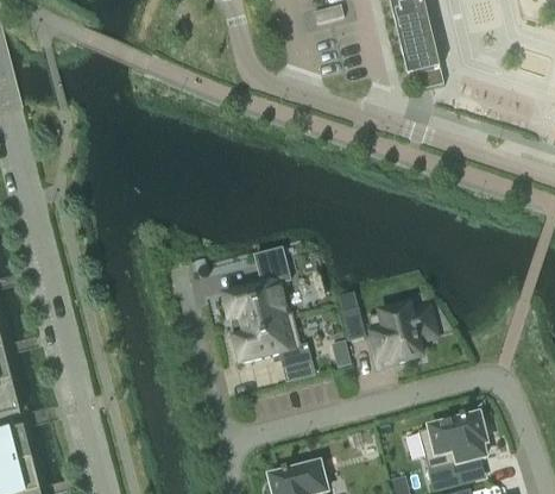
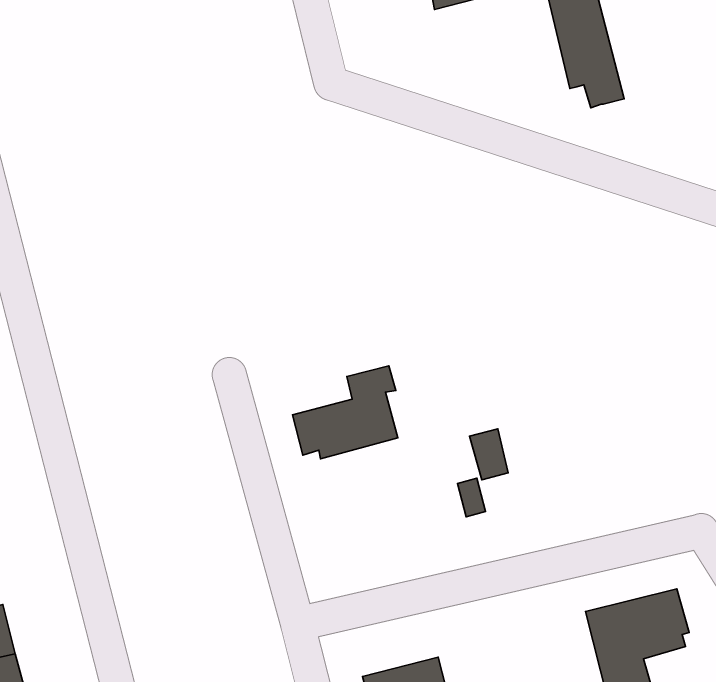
building: [368,302,440,367] -> none
building: [228,312,311,367] -> none

